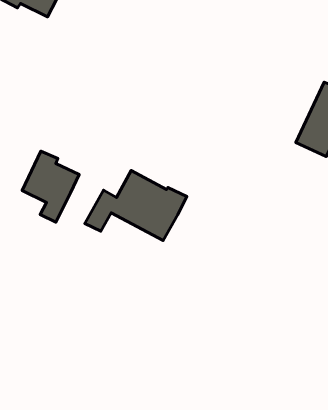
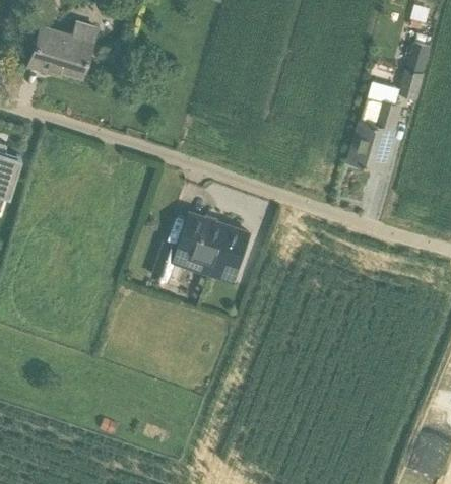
building: [22,151,79,222] -> none

